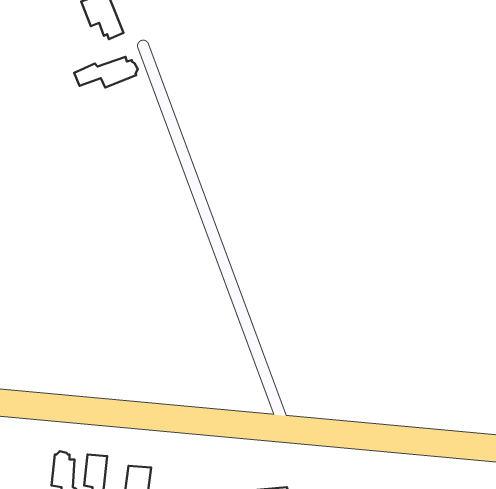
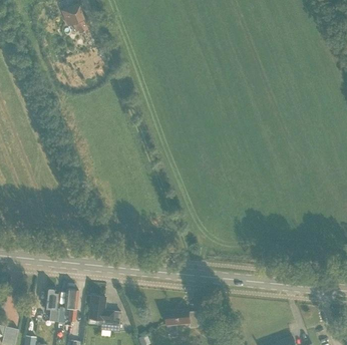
building: [74,57,138,88] -> none

